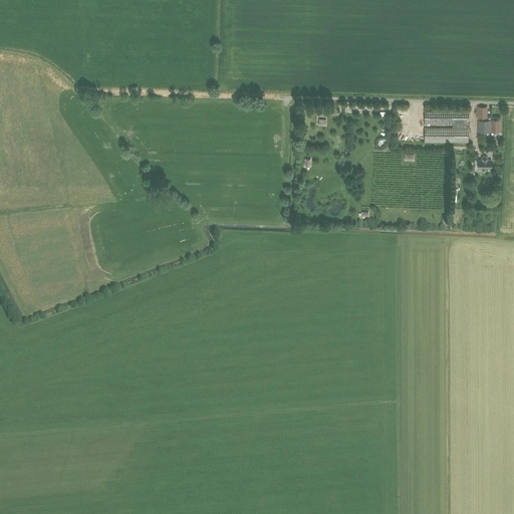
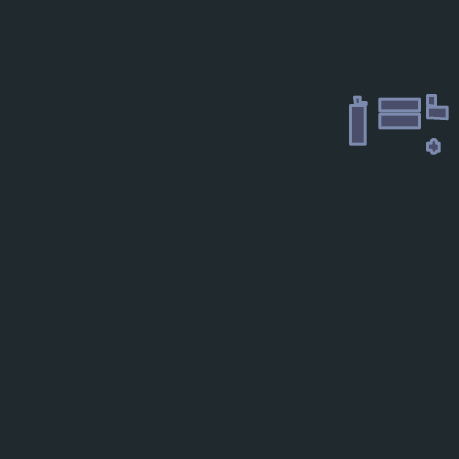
building: none -> [351,105,365,144]

